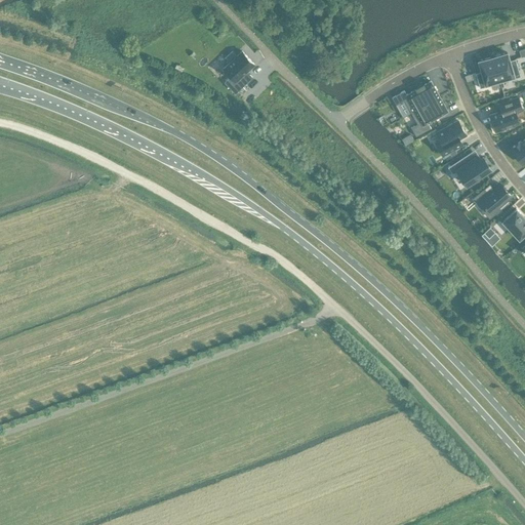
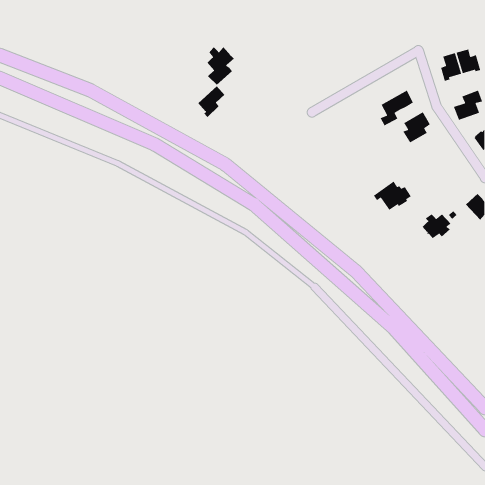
building: [391,81,439,114] -> none
building: none -> [197,86,225,118]
building: [447,152,489,185] -> [373,180,412,211]
building: [478,185,510,212] -> [422,213,451,239]

